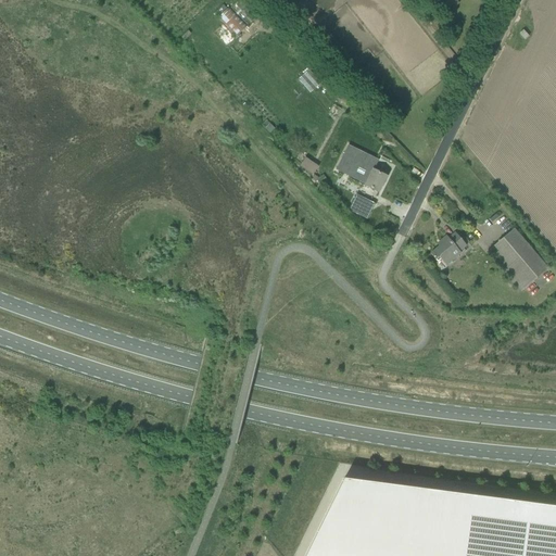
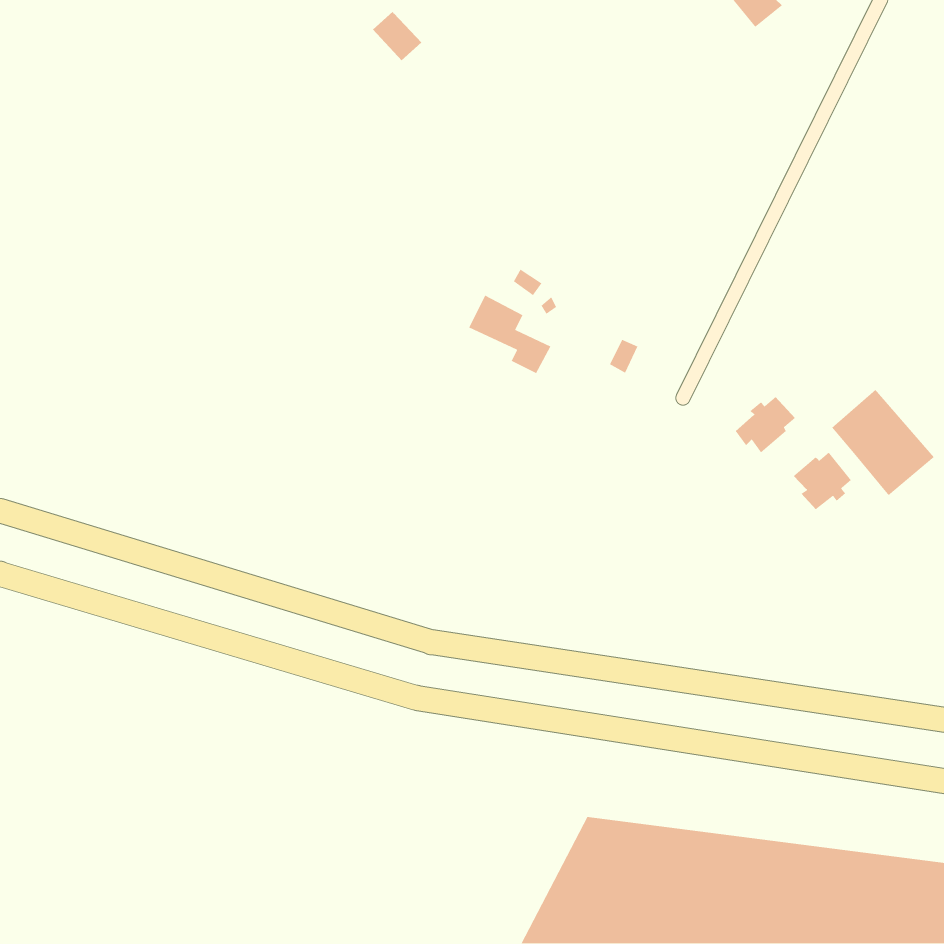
building: [340,146,389,192] -> [468,294,551,374]
building: none -> [793,452,852,510]

